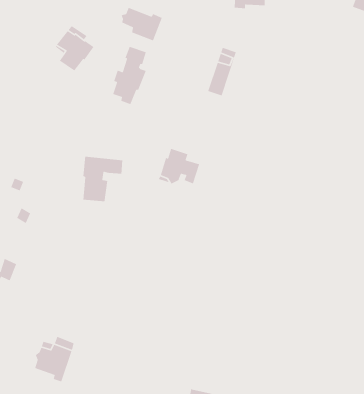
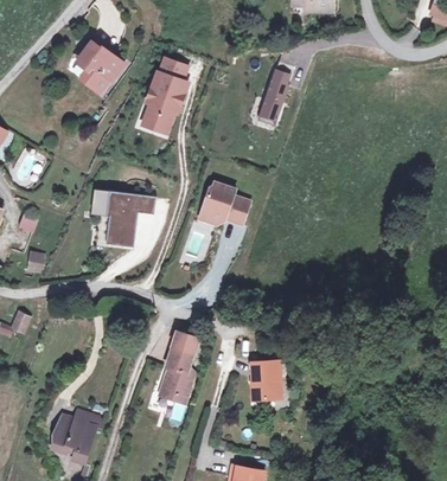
building: [120,7,163,41] -> none
building: none -> [160,333,197,404]
building: none -> [251,364,282,403]

